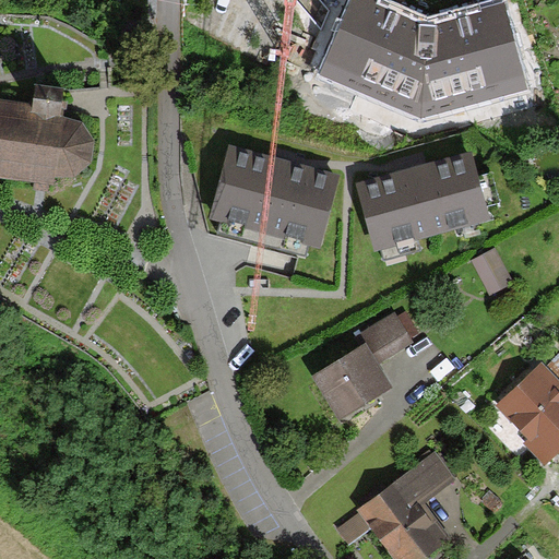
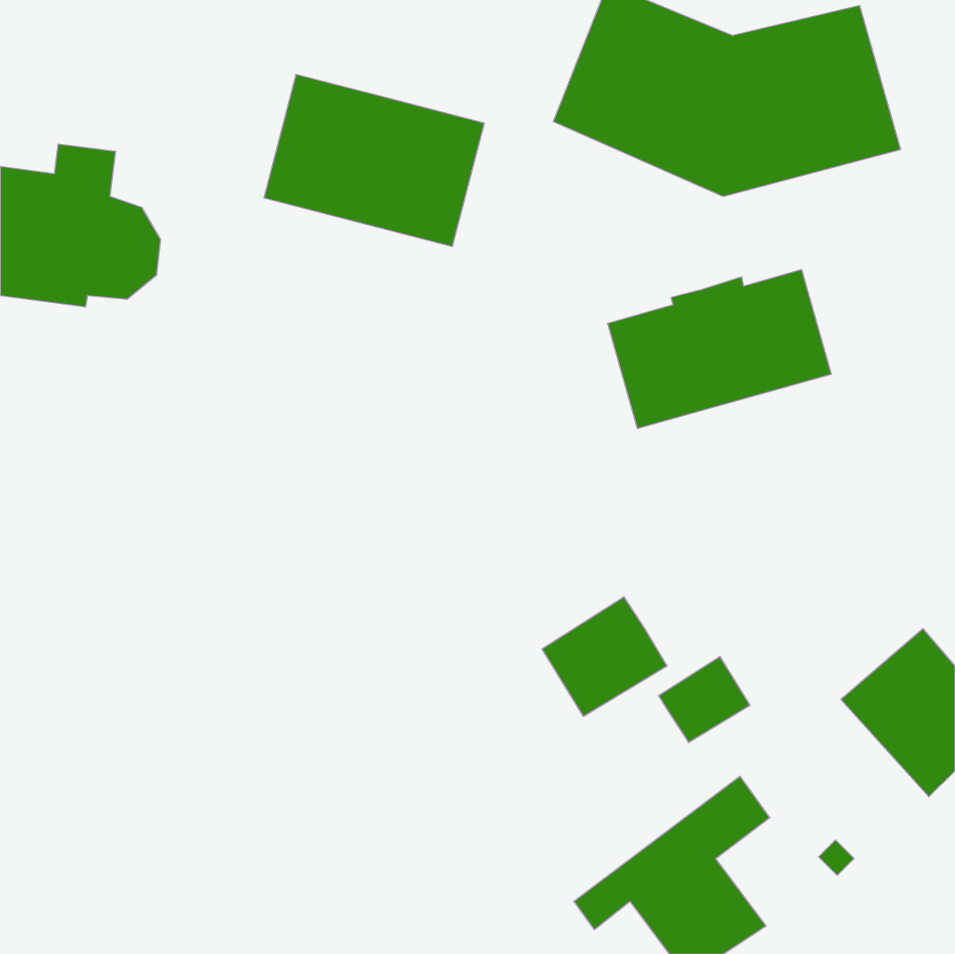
building: [210,145,338,246] -> [264,74,484,247]
building: [469,248,509,295] -> none
building: [359,317,413,367] -> [658,657,750,743]

